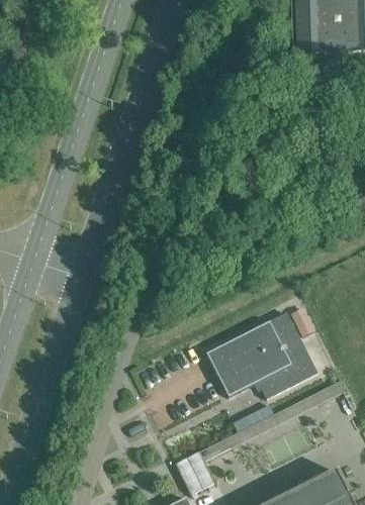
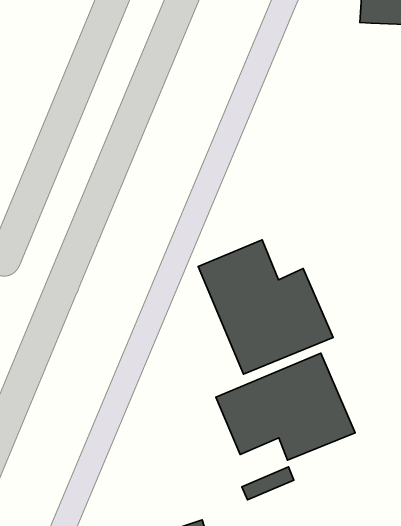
building: none -> [198,240,333,374]

